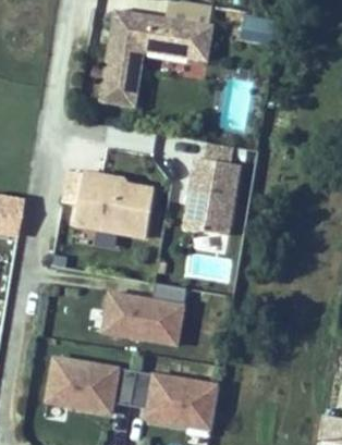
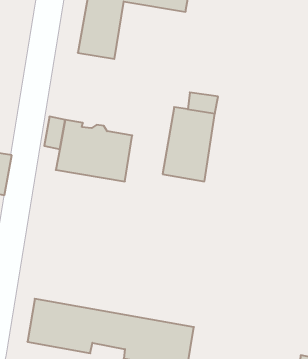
building: [106,291,194,356] -> none

